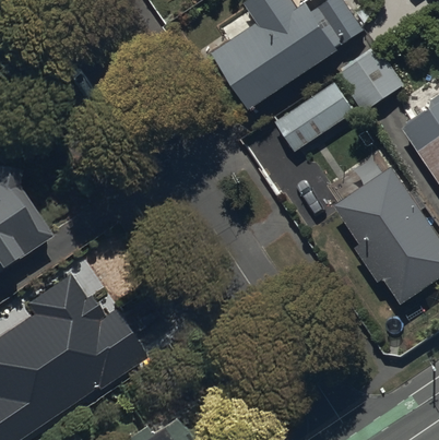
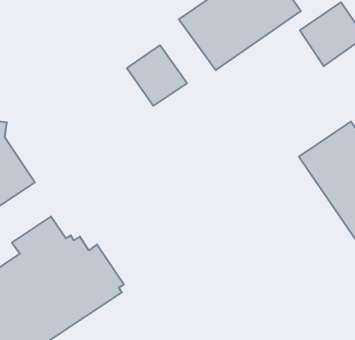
building: [273,83,352,156] -> none
building: none -> [127,45,187,106]

